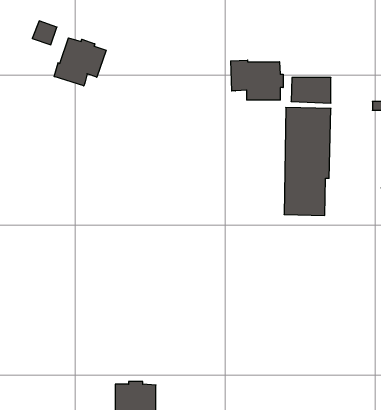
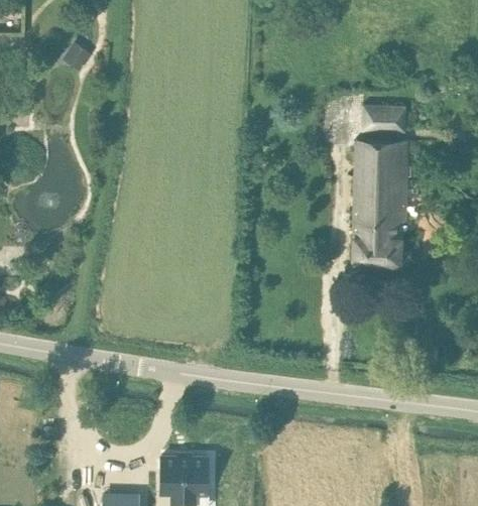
building: [54,38,106,86] -> none
building: [231,60,283,100] -> none

